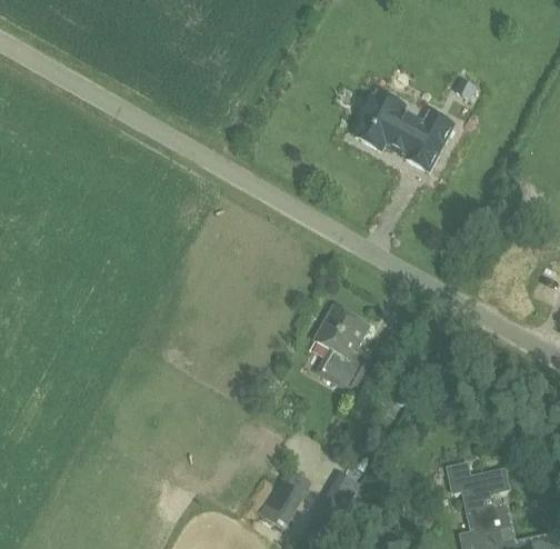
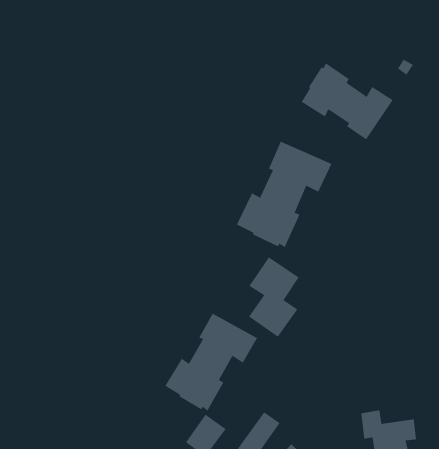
building: none -> [236,141,332,248]
building: none -> [165,313,258,412]

